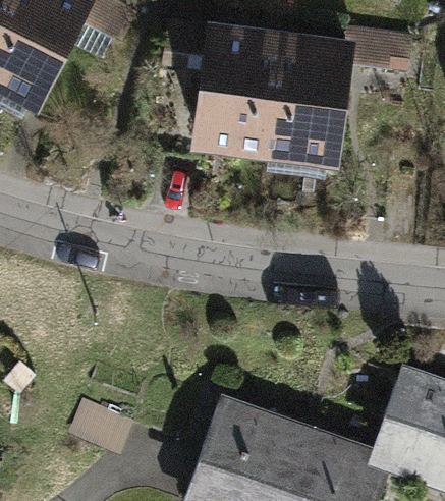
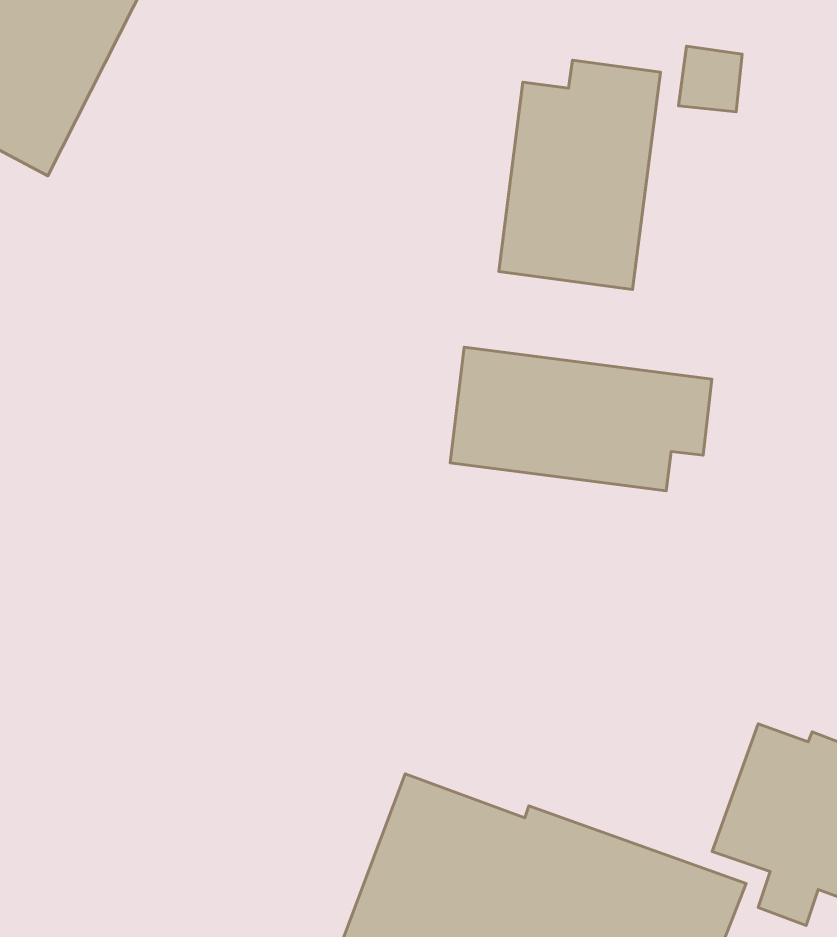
building: [200,25,280,146] -> none
building: none -> [450,347,712,491]

